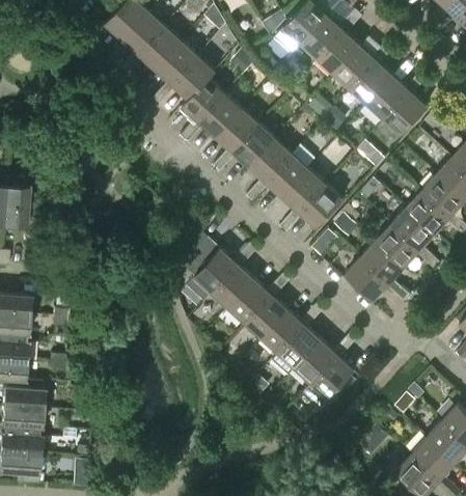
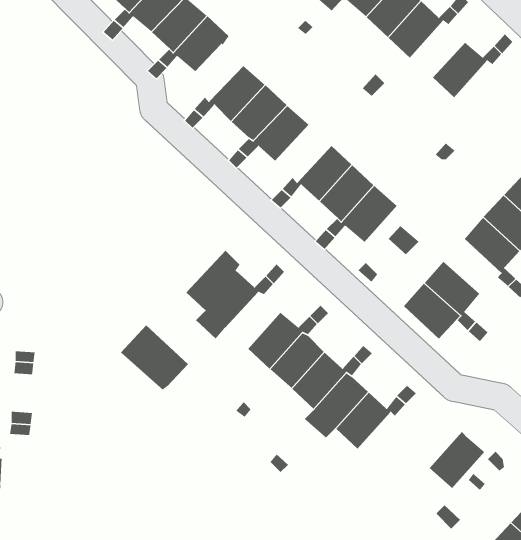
building: [351,61,392,104] -> none
building: [183,79,225,121] -> none
building: [384,91,427,135] -> none
building: [249,139,292,183] -> none
building: [376,225,419,267] -> none
building: [212,266,253,308] -> none
building: none -> [120,324,189,391]
building: [311,356,354,399] -> [429,431,485,489]

